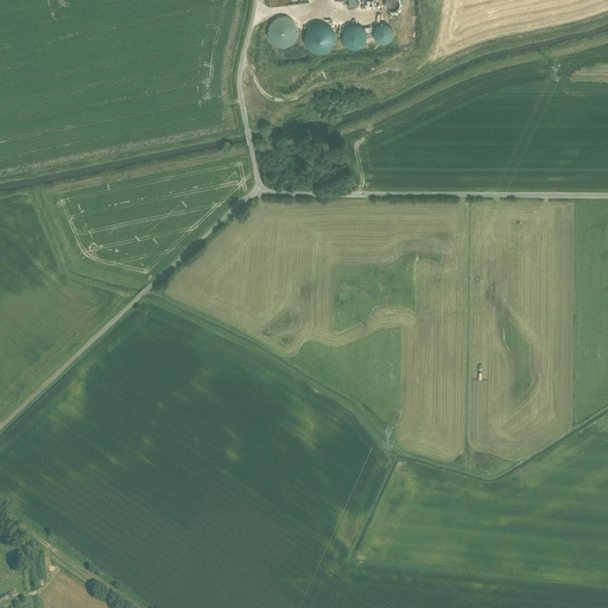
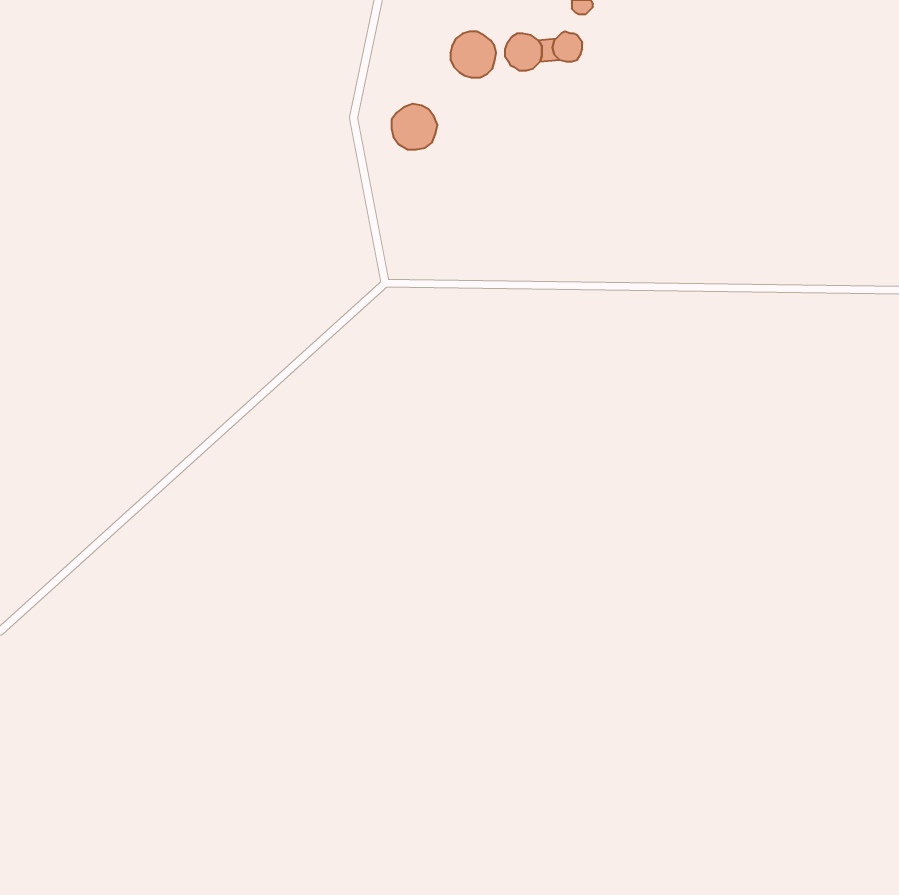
building: [267,17,298,48] -> [392,104,437,149]

